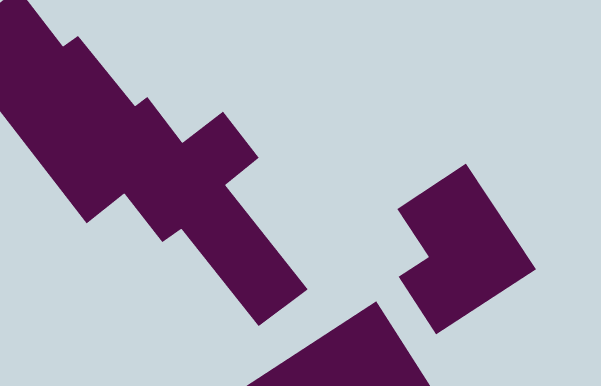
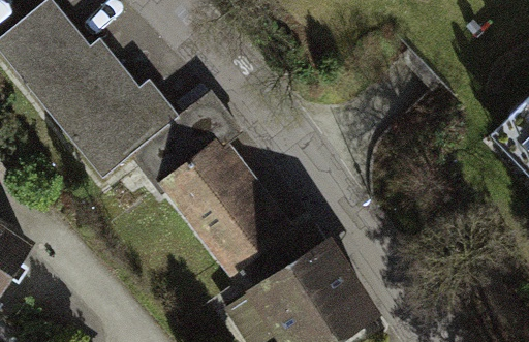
building: [396,162,537,336] -> none

